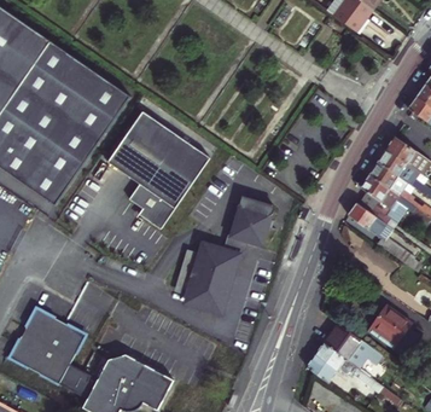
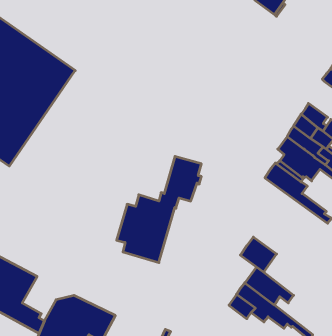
building: [105,111,208,230] -> none
building: [365,303,406,343] -> [240,237,277,272]

